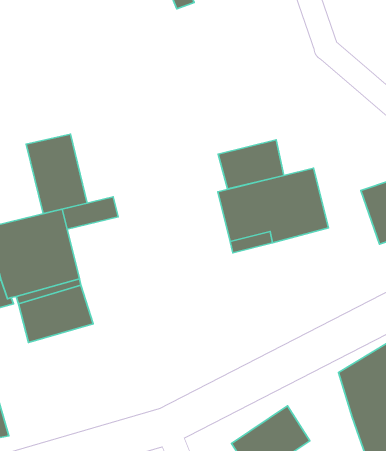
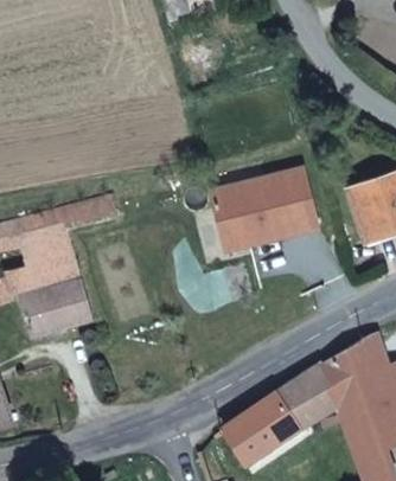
building: [26,134,87,213] -> none
building: [218,140,284,189] -> none
building: none -> [276,363,338,428]

